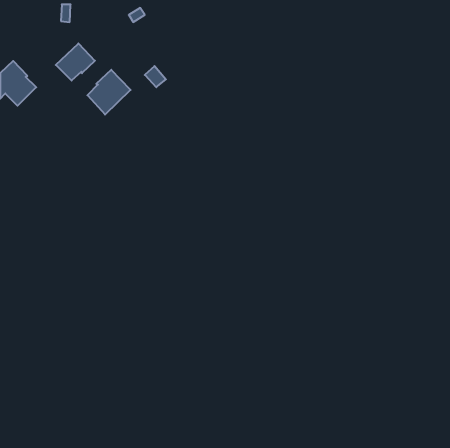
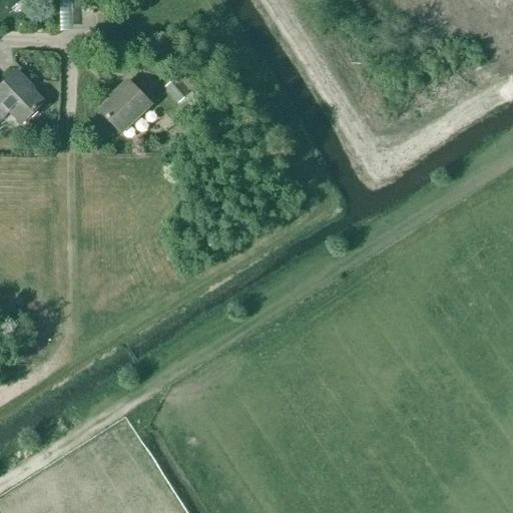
building: [56,43,95,81] -> none

